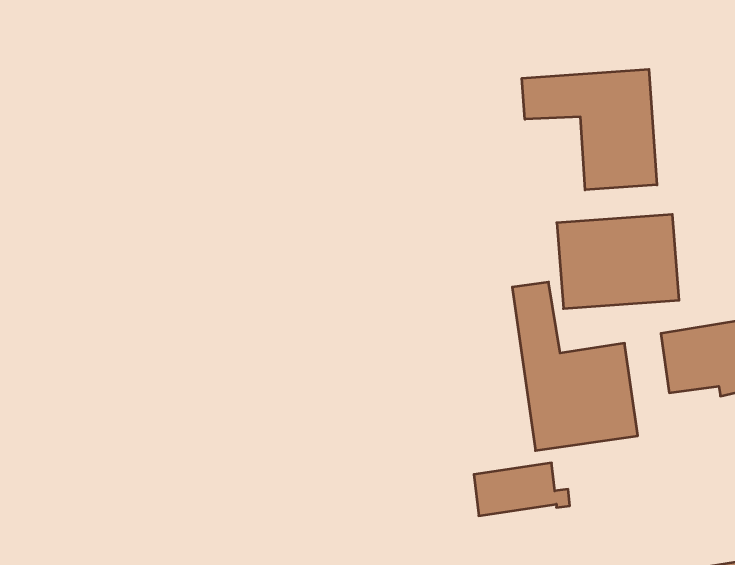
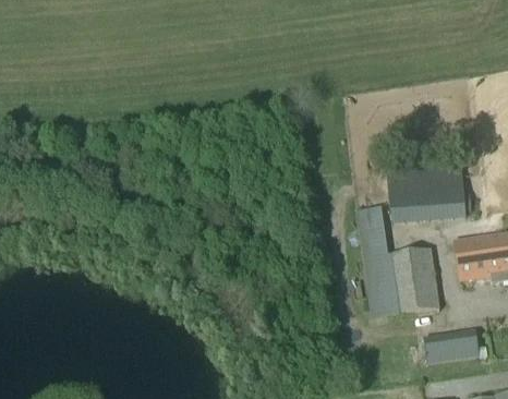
building: [522,69,657,190] -> none
building: [474,463,570,516] -> [424,329,487,364]

